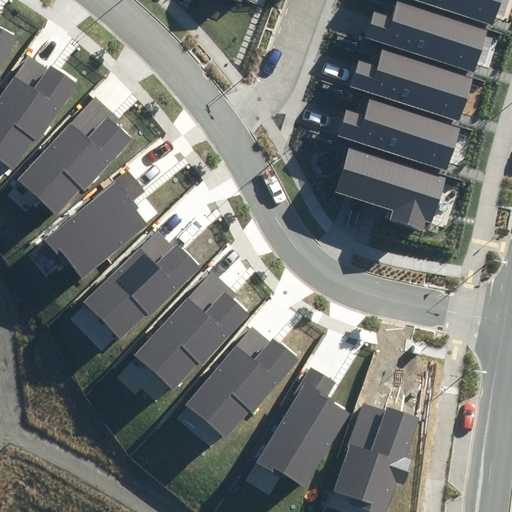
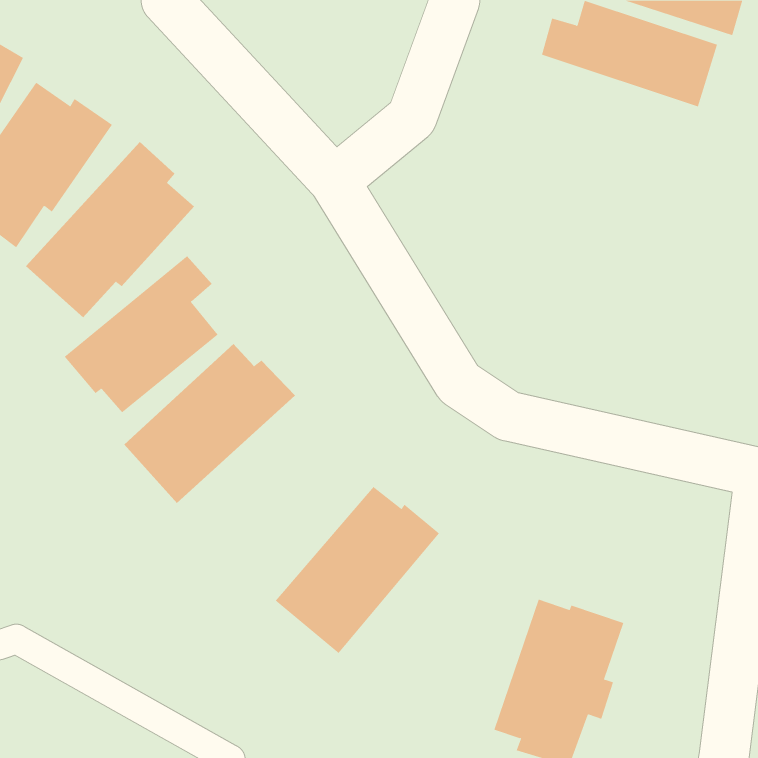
building: [352,51,472,122] -> none
building: [334,98,460,171] -> none
building: [335,150,444,232] -> none
building: [133,269,247,388] -> none
building: [257,370,346,489] -> none

